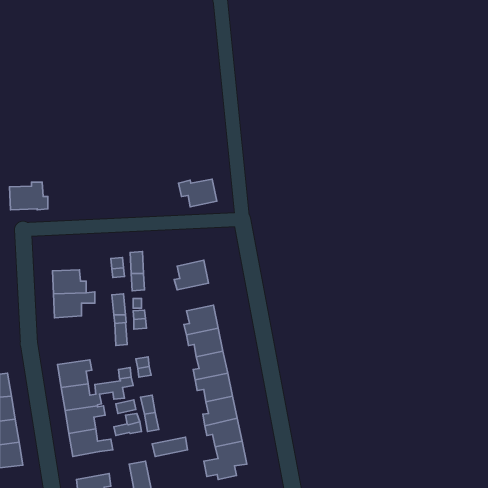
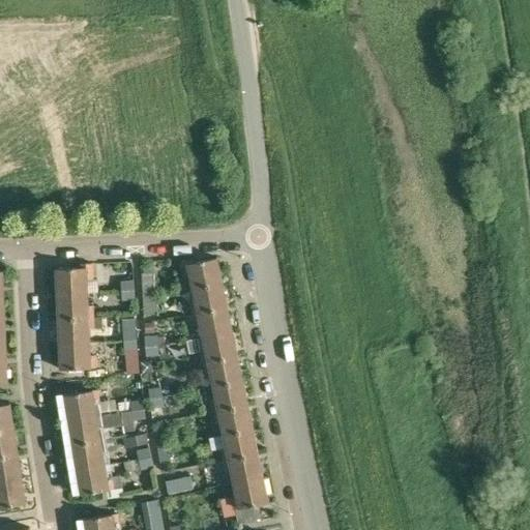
building: [179,179,217,207] -> [179,259,220,289]
building: [10,182,48,210] -> [56,264,97,294]
building: none -> [192,307,231,337]
building: none -> [59,343,95,370]

